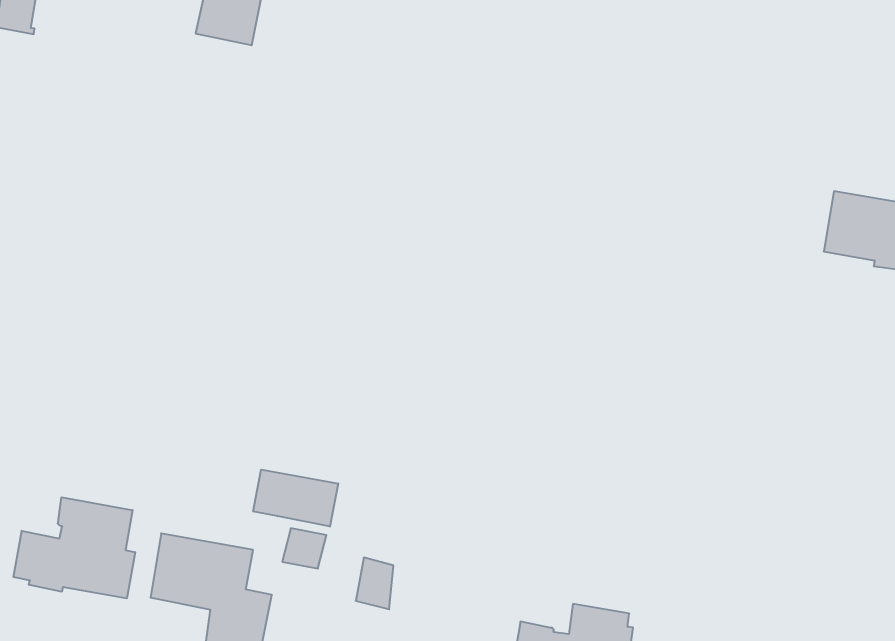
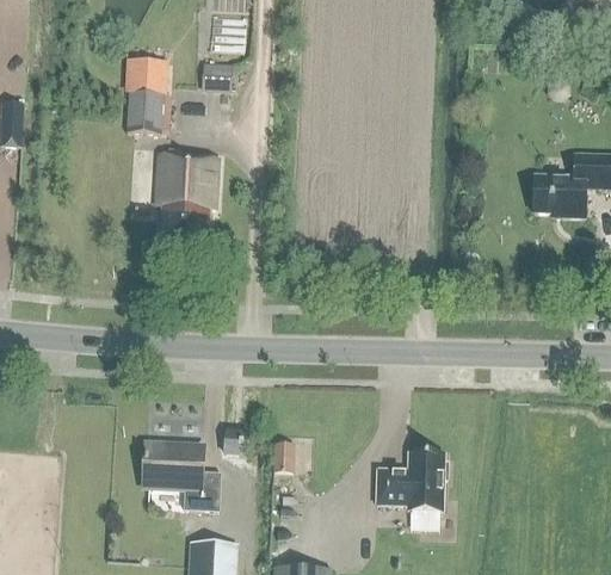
building: none -> [155,152,218,237]
building: [253,470,338,527] -> none
building: [13,497,135,598] -> none

